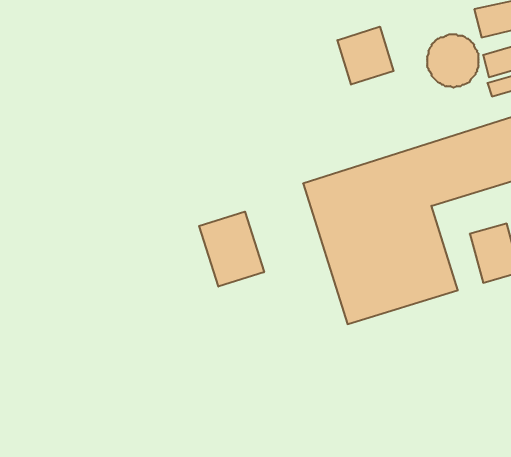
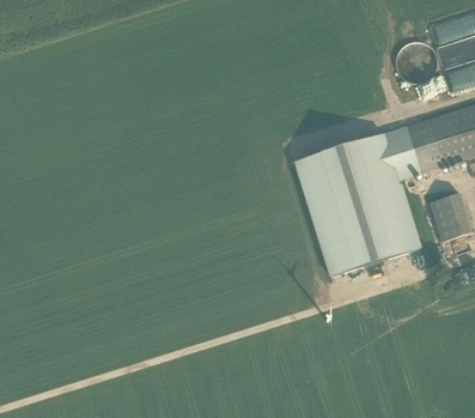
building: [337,27,394,85] -> none
building: [199,212,264,287] -> none

